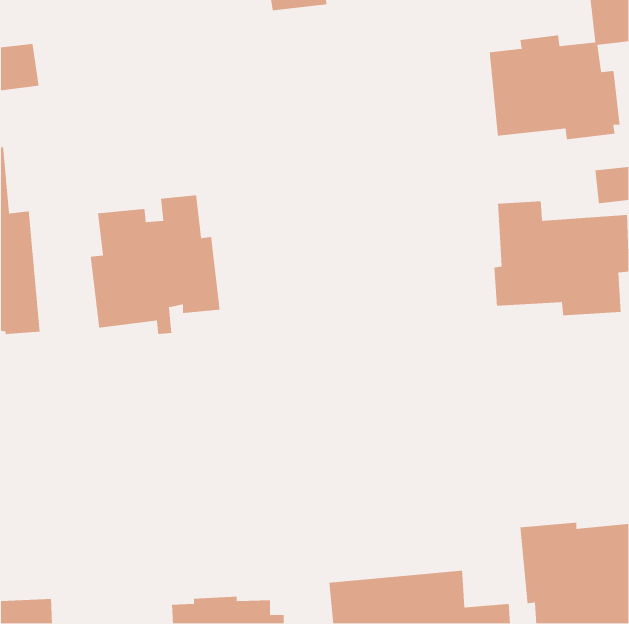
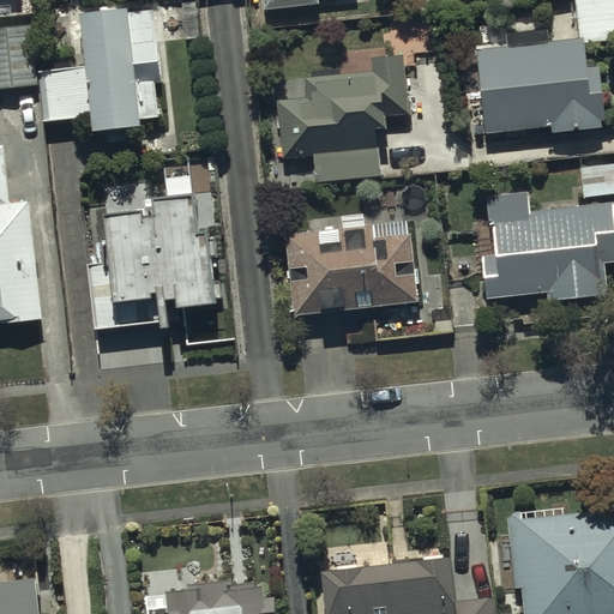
building: none -> [41,7,161,143]
building: none -> [277,59,409,185]
building: none -> [283,215,419,320]

